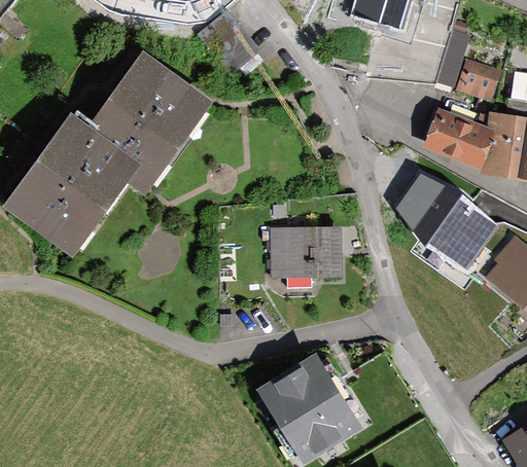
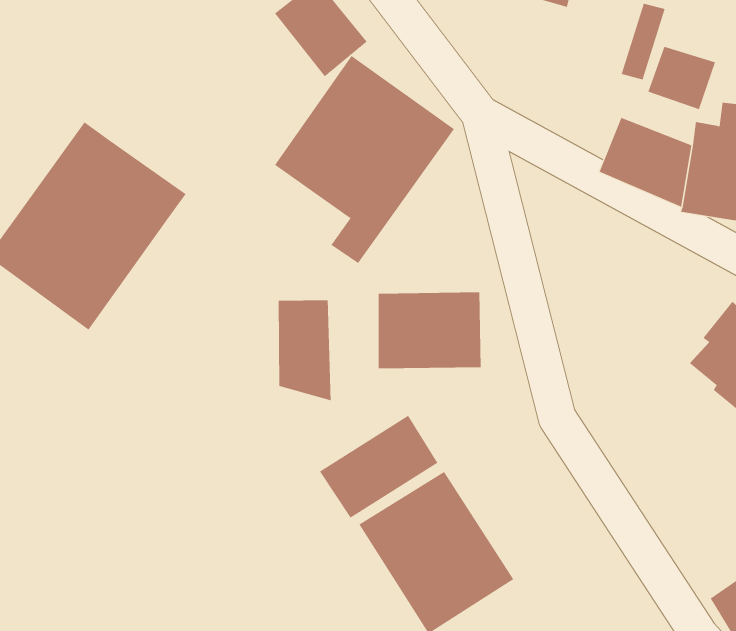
building: [85,47,211,192] -> [274,55,455,264]
building: [398,178,500,271] -> none
building: none -> [278,299,331,401]
building: none -> [319,415,438,519]

